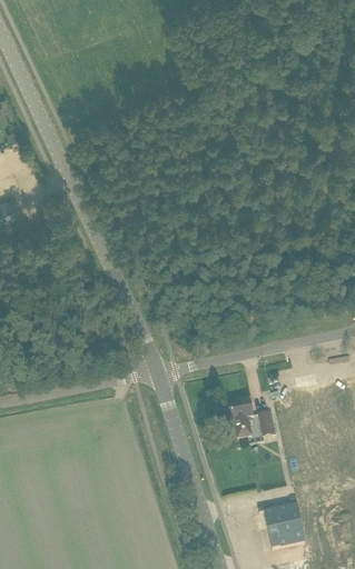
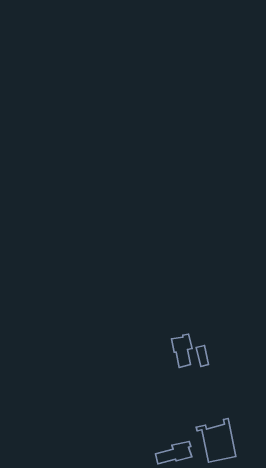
building: none -> [155,442,192,464]

